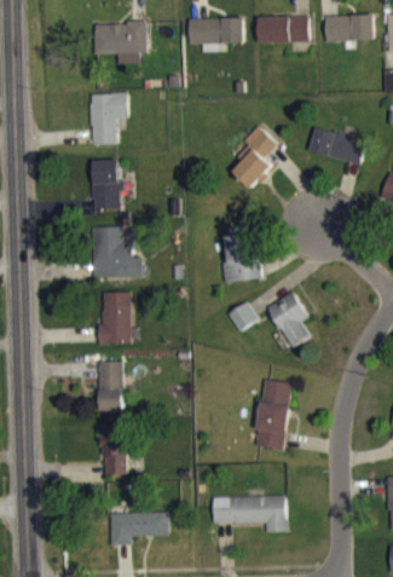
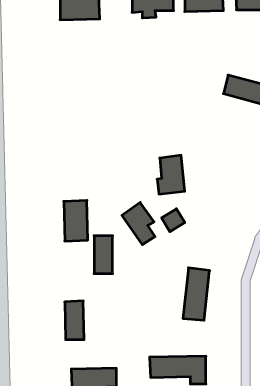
building: [89,93,127,145] -> none
building: [232,126,277,189] -> none
building: [92,160,120,209] -> none
building: [92,227,144,278] -> none
building: [266,292,310,347] -> [122,202,155,245]
building: [98,362,122,411] -> [94,236,113,274]

